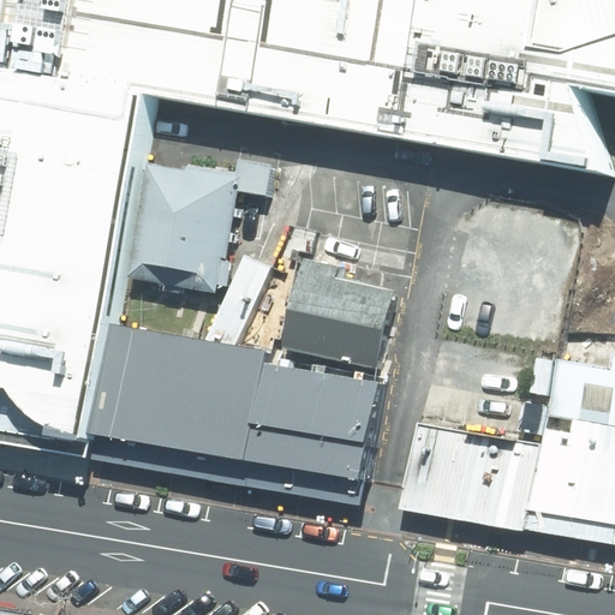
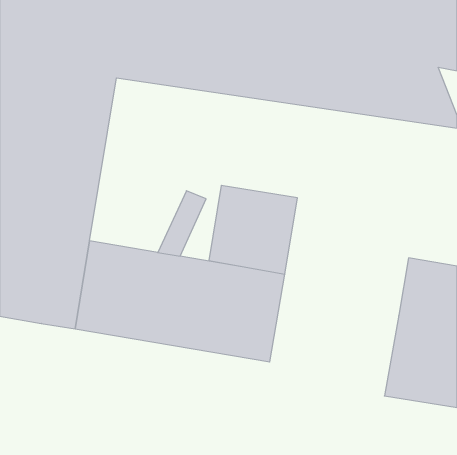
building: [133,160,280,298] -> none
building: [400,402,535,531] -> none

